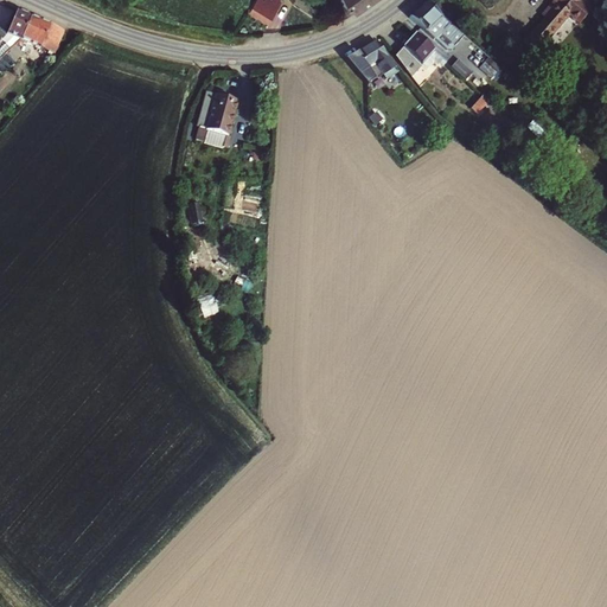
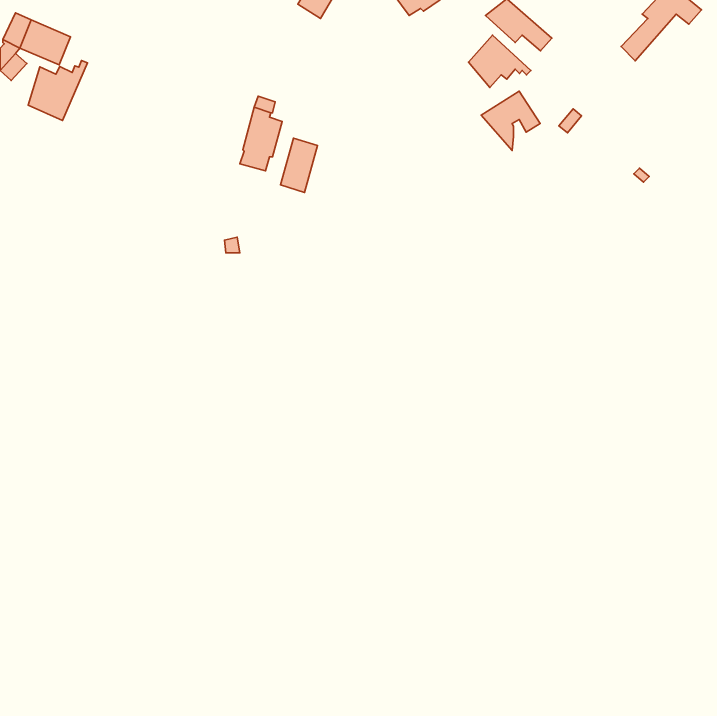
building: [347,37,397,87] -> [481,91,540,150]
building: none -> [28,61,87,121]
building: none -> [281,138,317,192]

